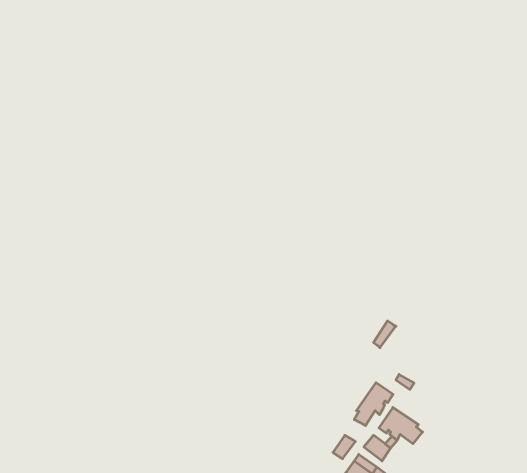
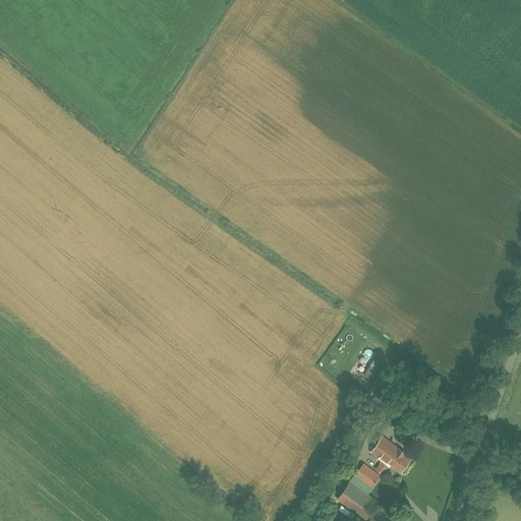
building: [354,383,393,426] -> none

